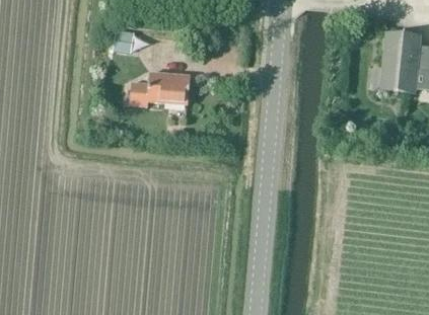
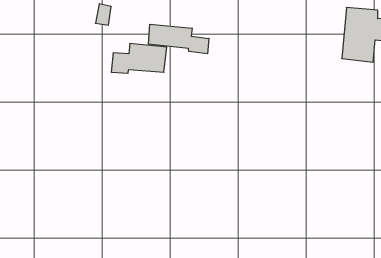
building: none -> [149,24,209,54]

